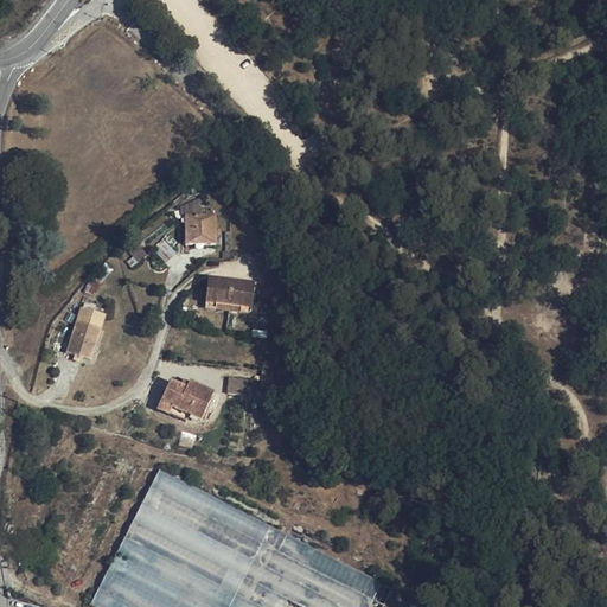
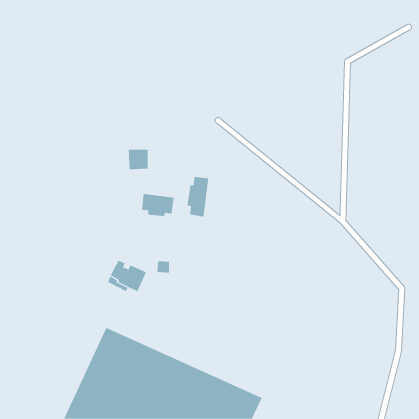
building: none -> [187,176,209,217]
building: [66,309,106,360] -> none

